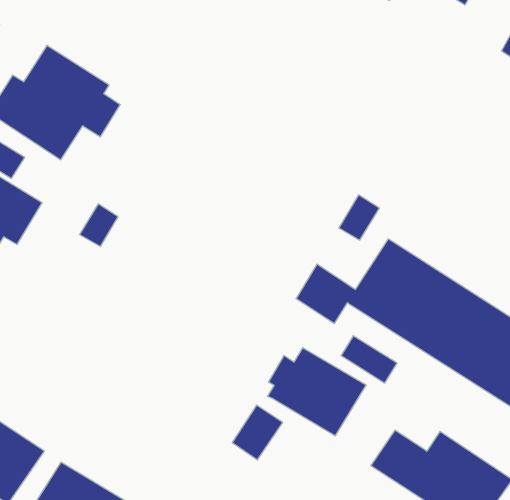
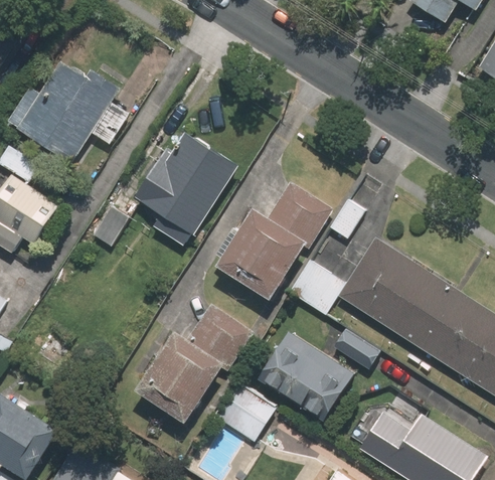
building: none -> [133,130,238,247]
building: none -> [215,183,331,300]
building: none -> [134,303,250,424]

